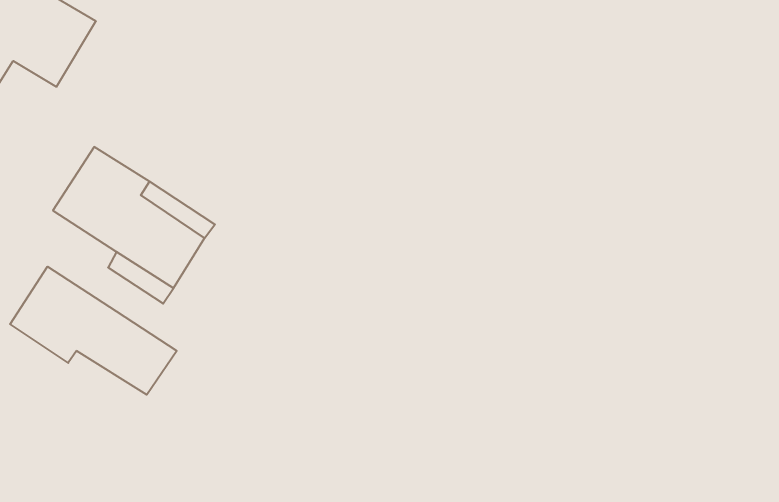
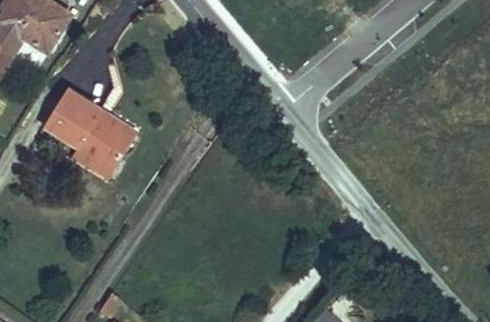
building: [10,267,177,395] -> none

